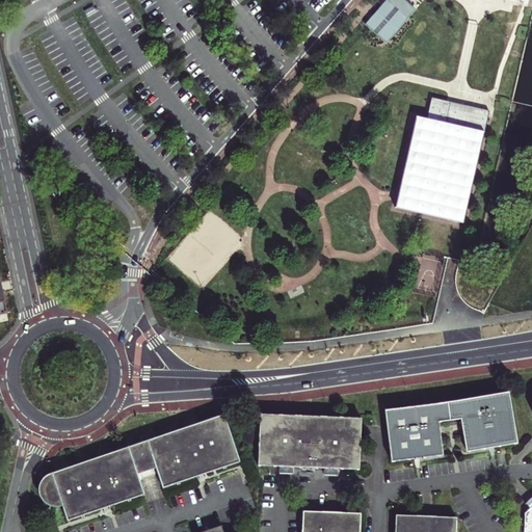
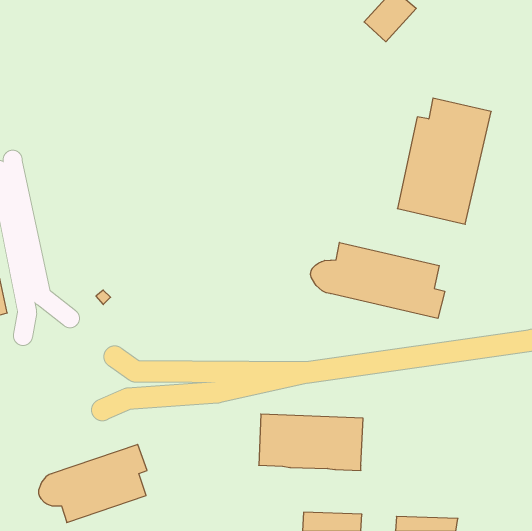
building: none -> [311,242,445,318]
building: [384,393,515,461] -> none
building: [137,413,241,488] -> none

